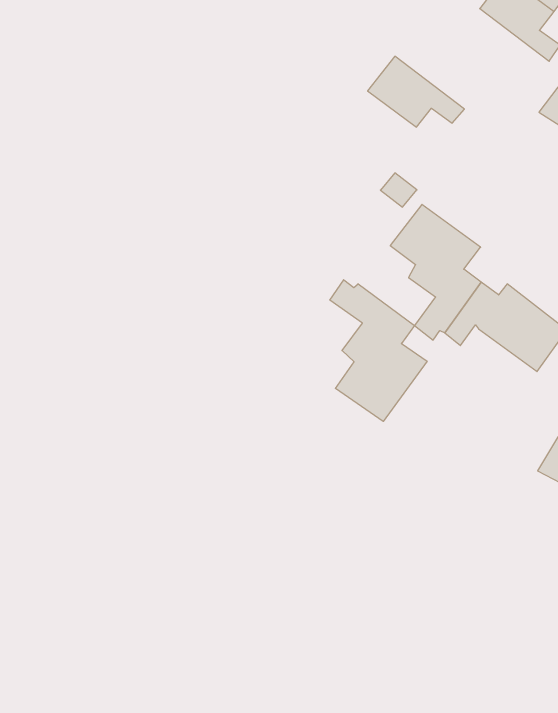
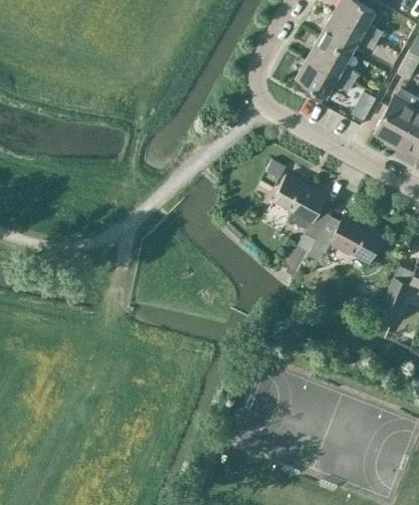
building: [368,56,464,127] -> [294,60,352,99]
building: [330,280,427,421] -> none

